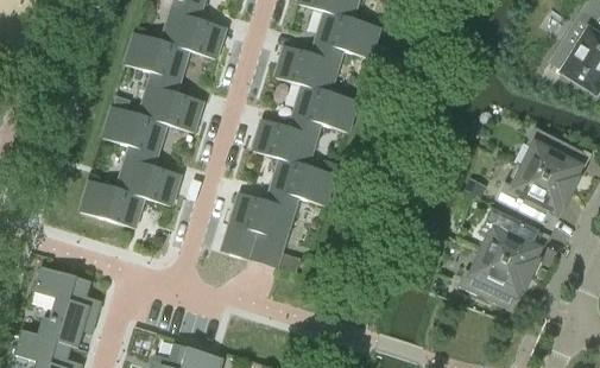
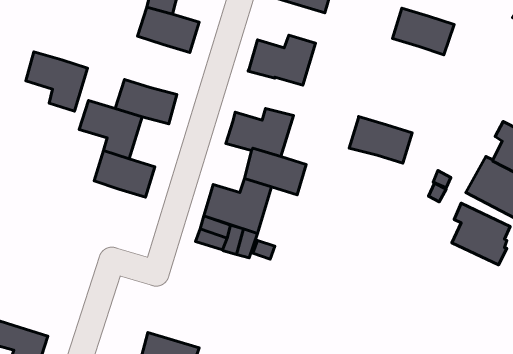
building: [316,9,379,57] -> [392,8,454,55]
building: [125,33,188,94] -> [26,52,87,111]
building: [292,83,356,131] -> [349,117,412,163]
building: [80,179,143,228] -> none
building: [457,252,530,310] -> none
building: [32,267,90,348] -> none

